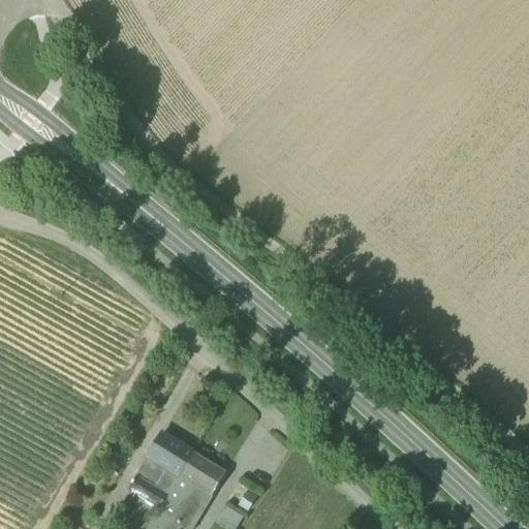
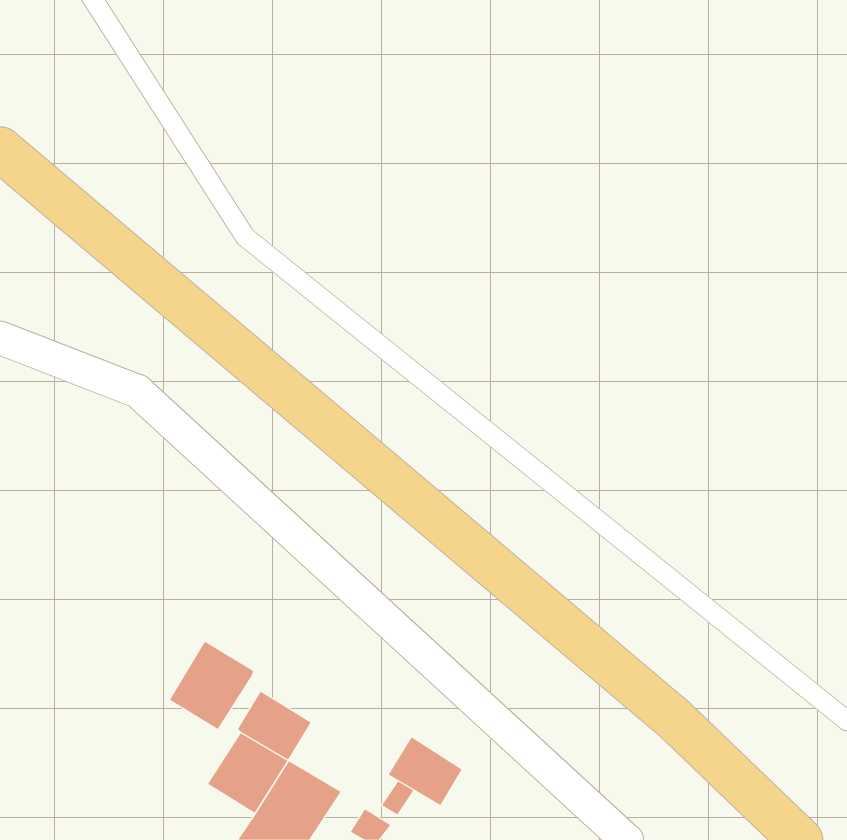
building: none -> [169,641,254,730]
building: [180,450,226,494] -> [388,736,463,806]

